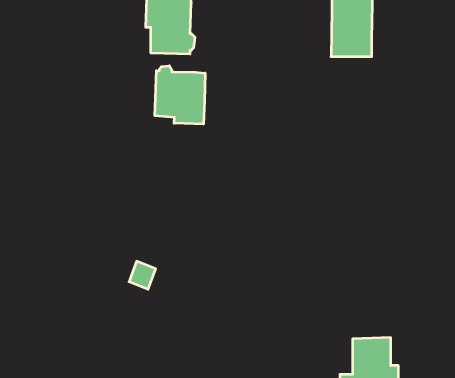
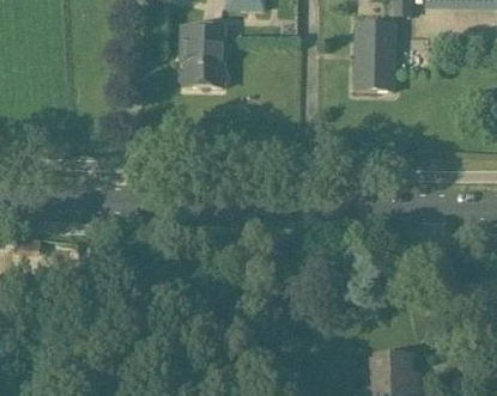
building: [155,66,205,124] -> none

